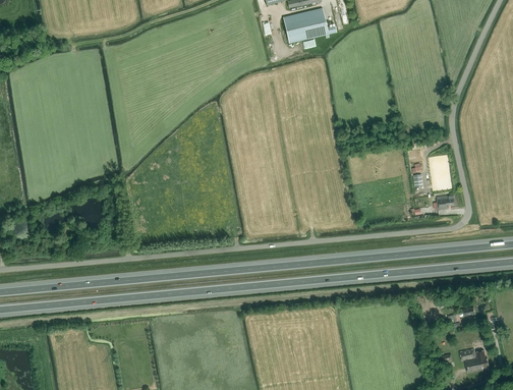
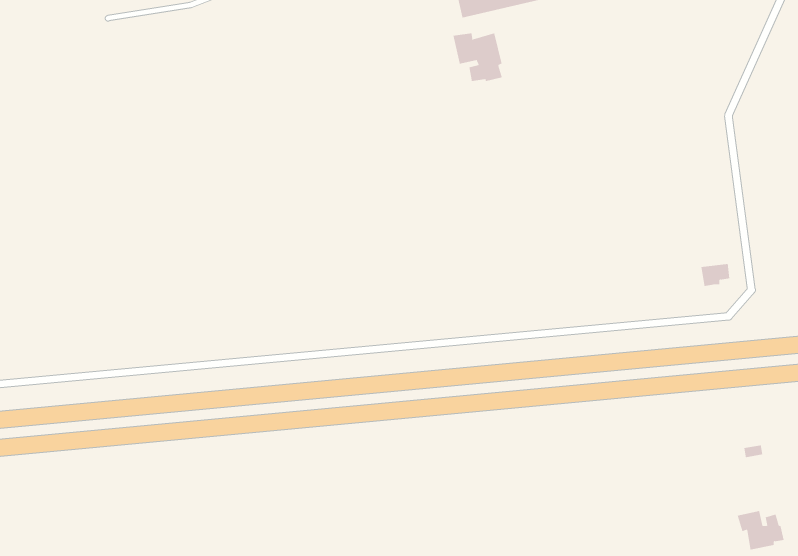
building: none -> [453,32,502,82]

